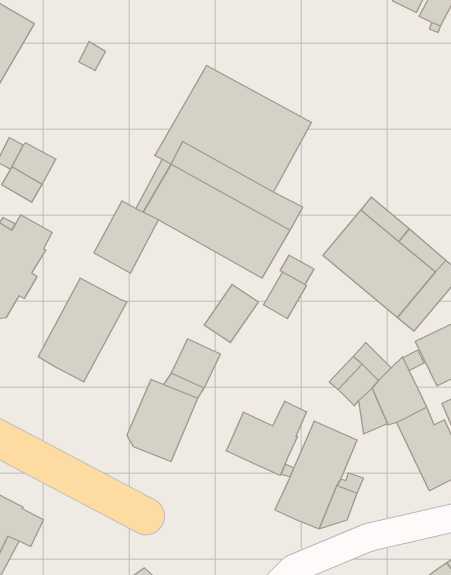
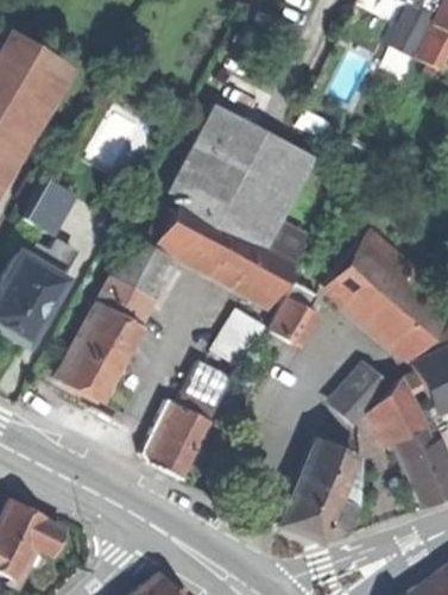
building: none -> [99,282,146,326]
building: [226,401,307,475] -> none

